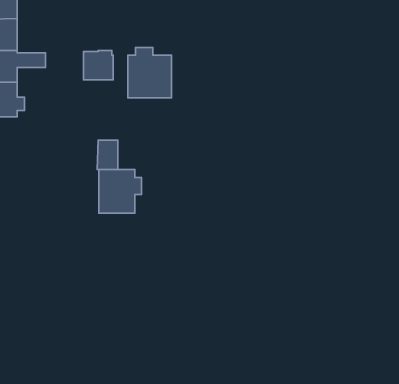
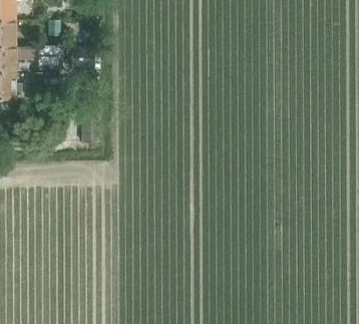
building: [128,47,171,98] -> none
building: [99,170,142,213] -> none

